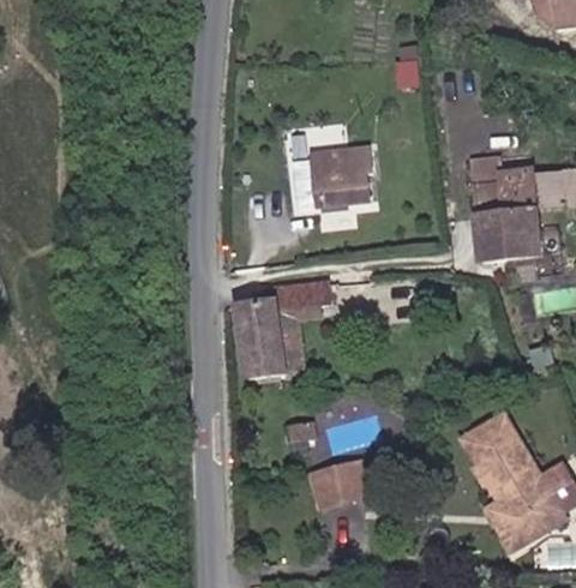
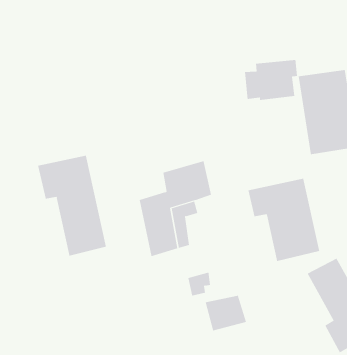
building: [287,140,364,199] -> [244,59,298,100]
building: none -> [38,155,106,256]
building: none -> [248,178,320,262]

